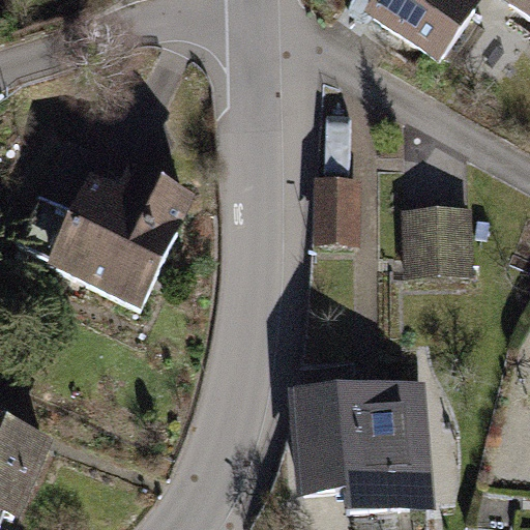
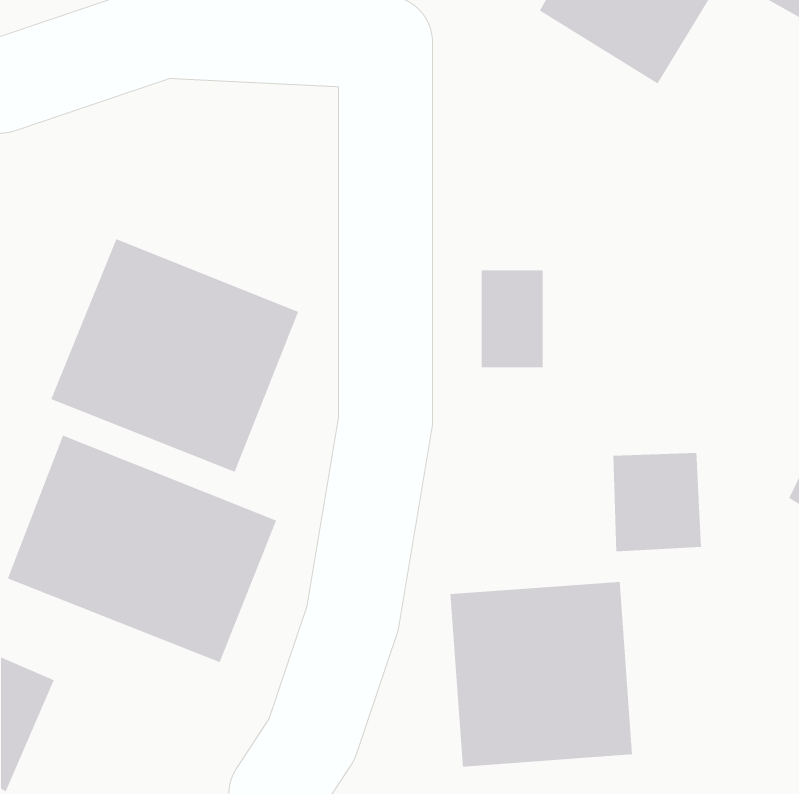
building: [407,206,466,272] -> [612,452,702,552]
building: none -> [7,435,277,663]

